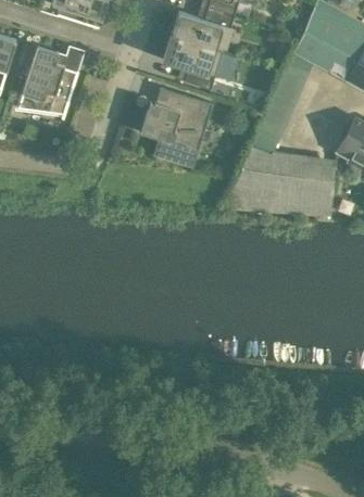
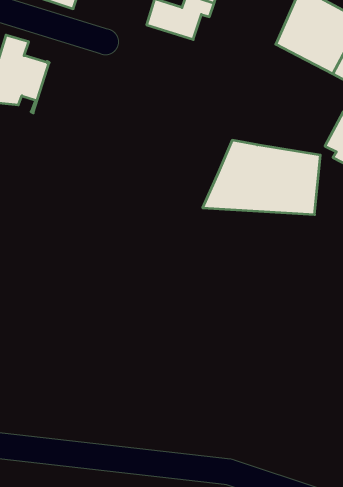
building: [163,35,223,88] -> none
building: [140,86,213,156] -> none

